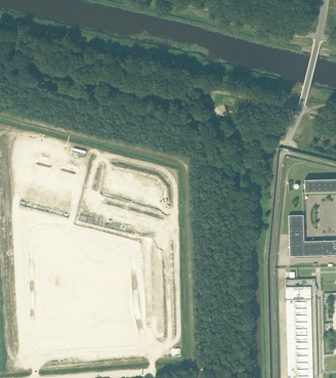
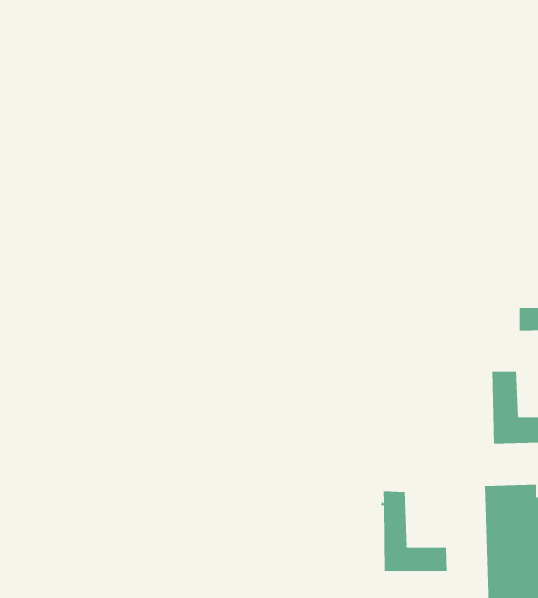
building: none -> [380,491,447,572]

